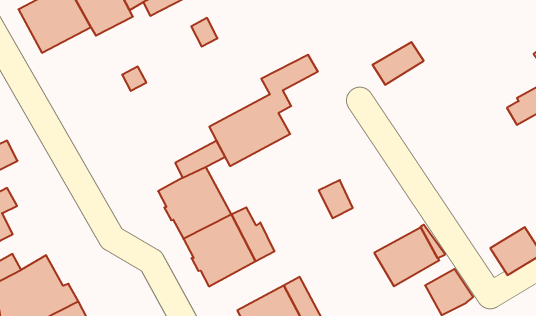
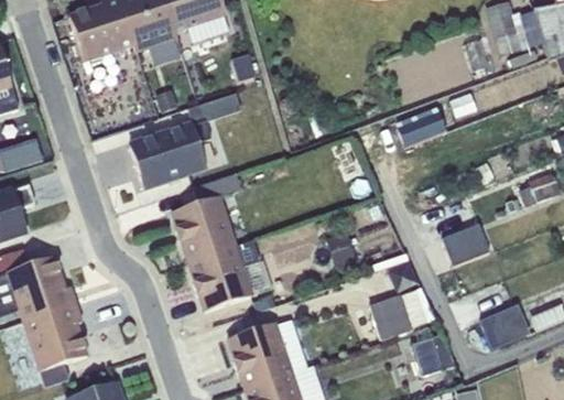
building: [209,55,318,166] -> [130,93,242,186]
building: none -> [442,223,489,266]

